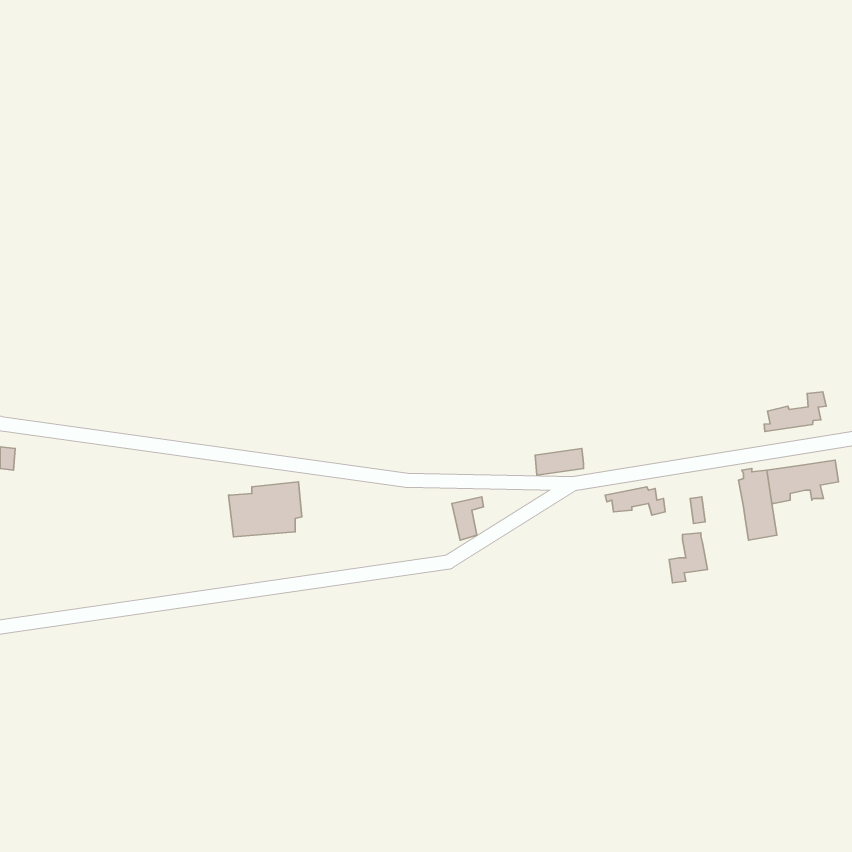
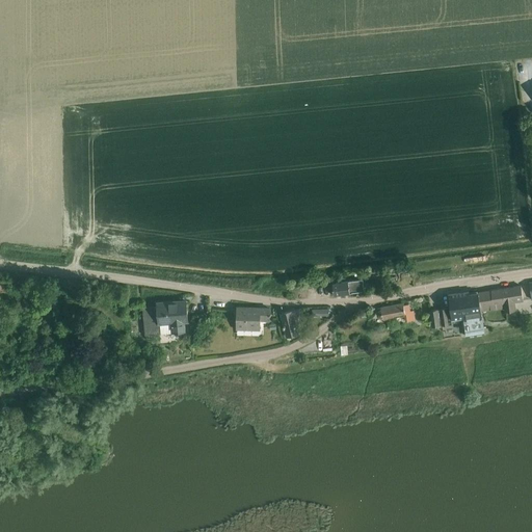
building: [764,392,826,432] -> none
building: none -> [237,309,270,329]
building: [669,533,707,583] -> [440,293,463,324]

